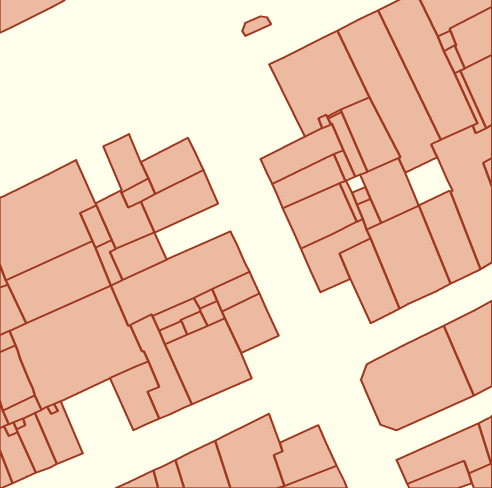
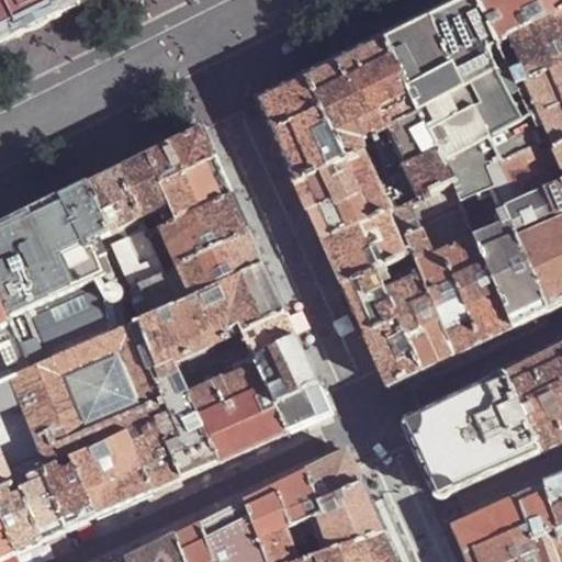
building: none -> [259,74,347,181]
building: none -> [147,126,214,184]
building: none -> [87,167,138,232]
building: none -> [461,179,515,234]
building: none -> [176,232,262,295]
building: none -> [364,317,422,384]
building: none -> [274,382,330,430]
building: none -> [69,430,151,516]
building: none -> [306,451,362,504]

